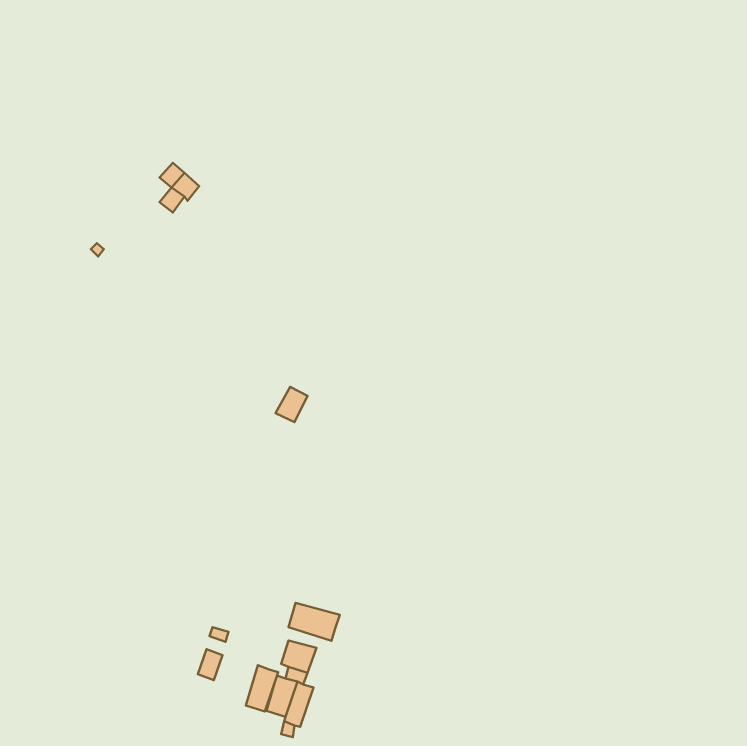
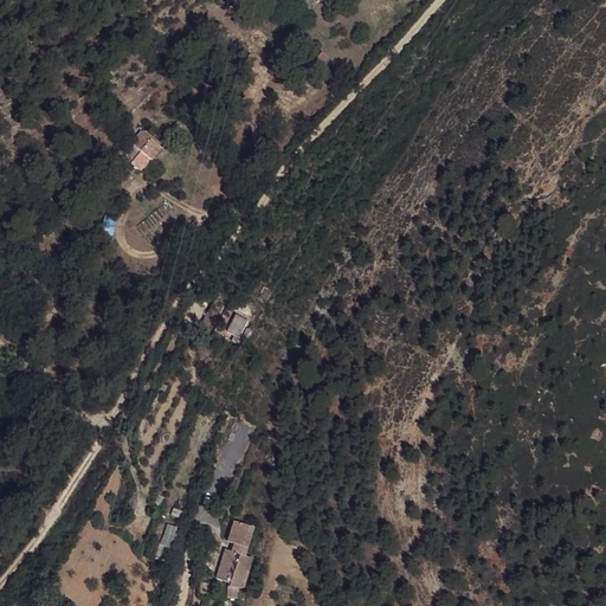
building: [288,603,340,641] -> none
building: [246,665,278,712] -> none

